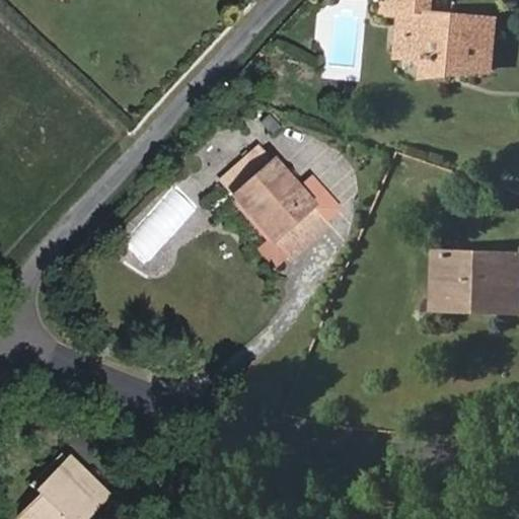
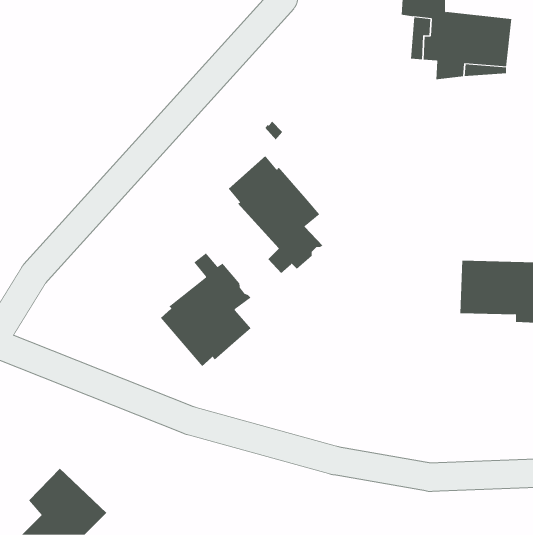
building: [298,180,337,237] -> none
building: none -> [160,252,252,367]
building: [436,251,501,311] -> none

